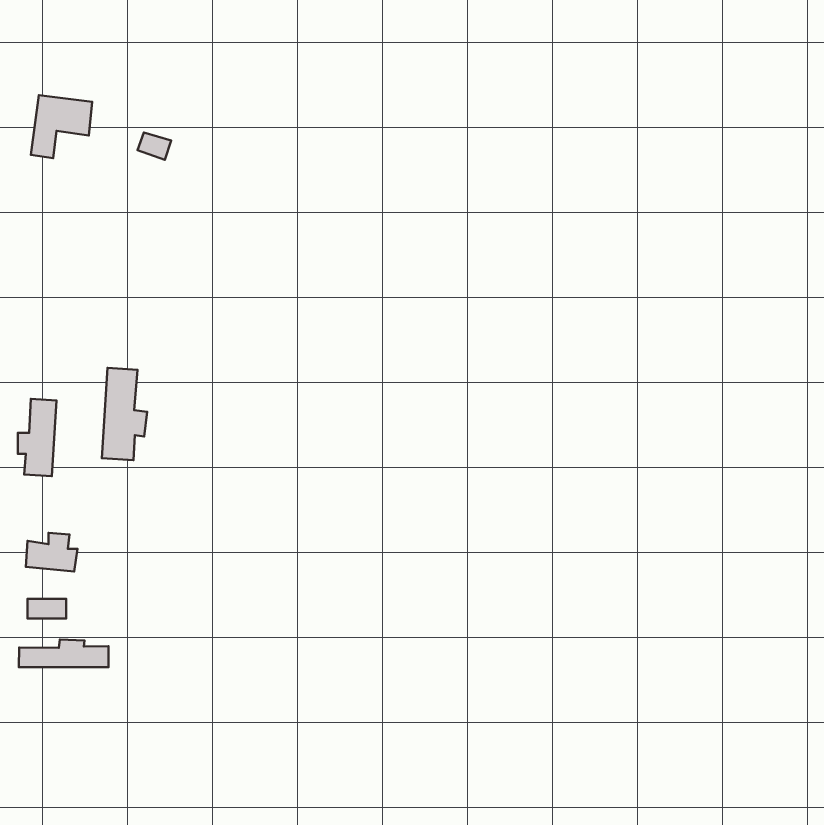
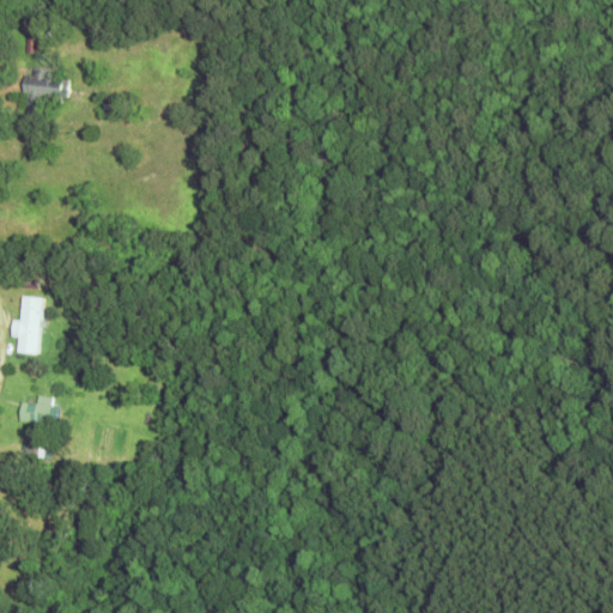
building: [102,368,147,460] -> none
building: [19,639,109,667] -> none

